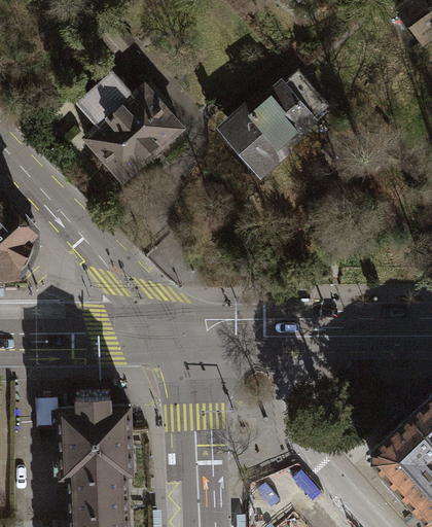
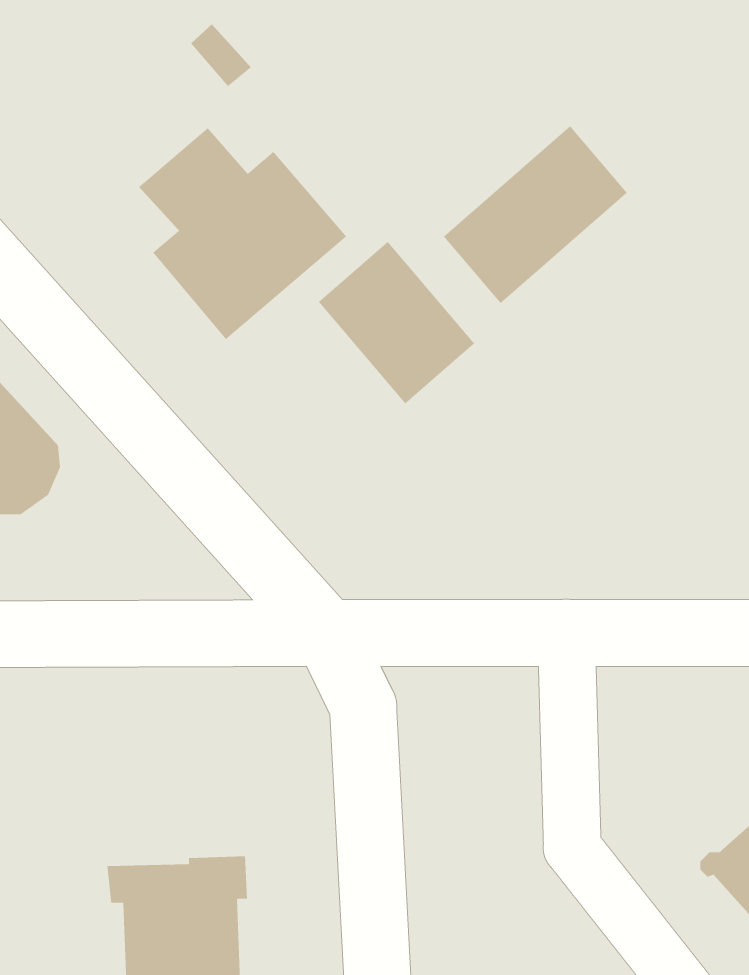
building: none -> [318,241,475,404]
building: [58,399,131,457] -> none

